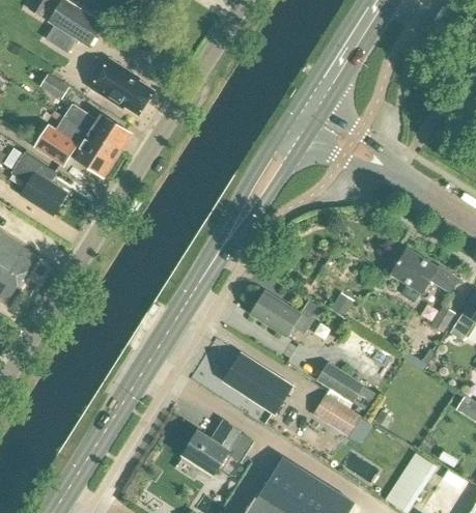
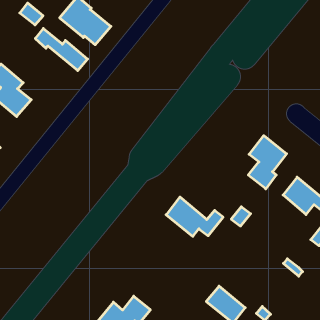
building: [34,117,120,177] -> none
building: none -> [248,136,287,189]
building: [223,353,292,414] -> none
building: [317,364,364,404] -> none

